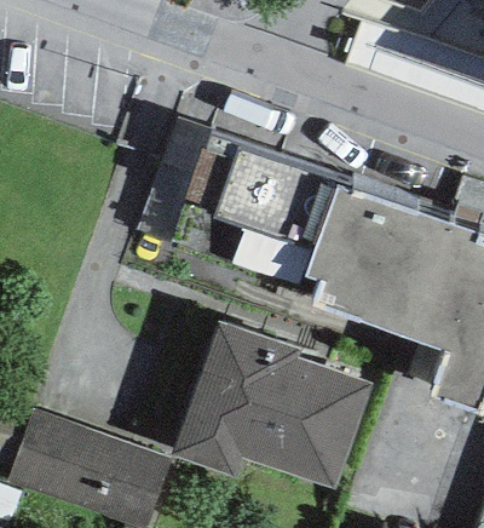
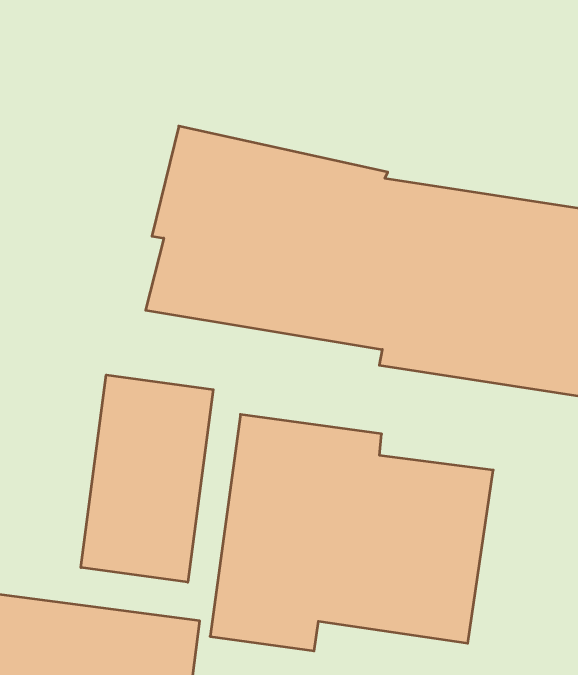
building: none -> [81,375,213,582]

